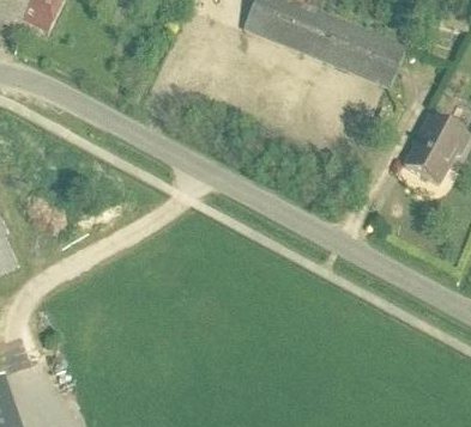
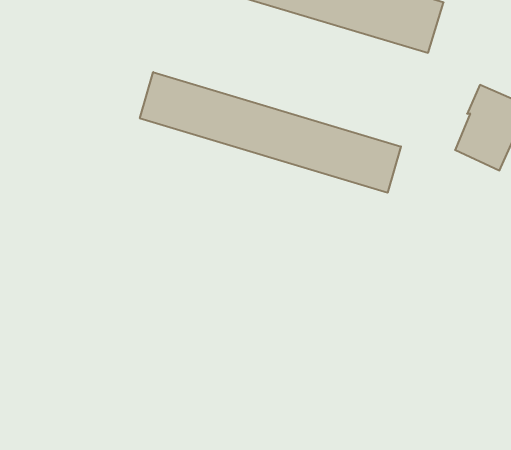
building: none -> [140,72,401,193]

